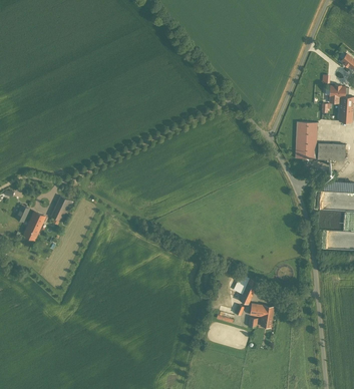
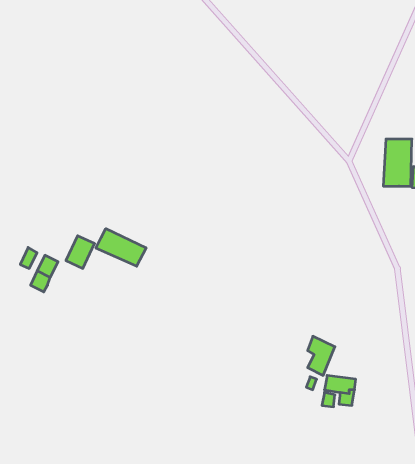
building: none -> [96,229,146,266]

